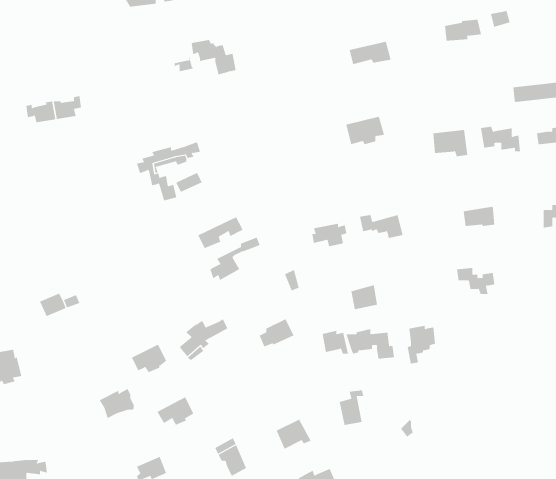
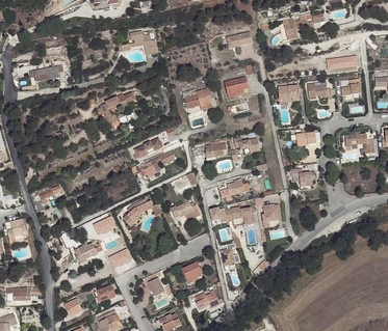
building: none -> [183,88,211,108]

